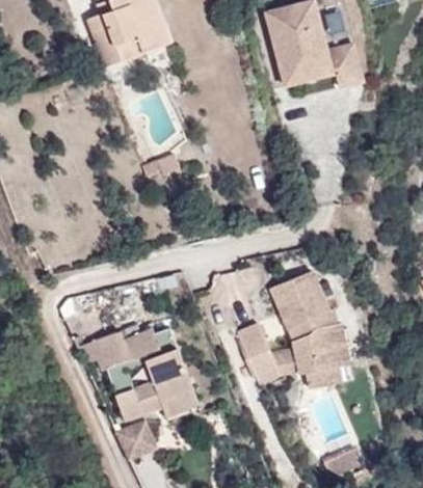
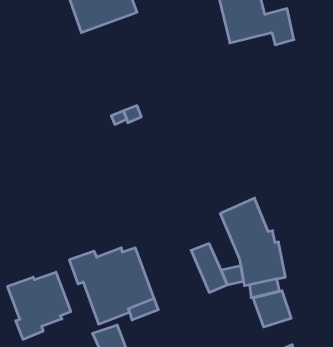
building: none -> [8,272,71,339]
building: none -> [253,291,291,327]

